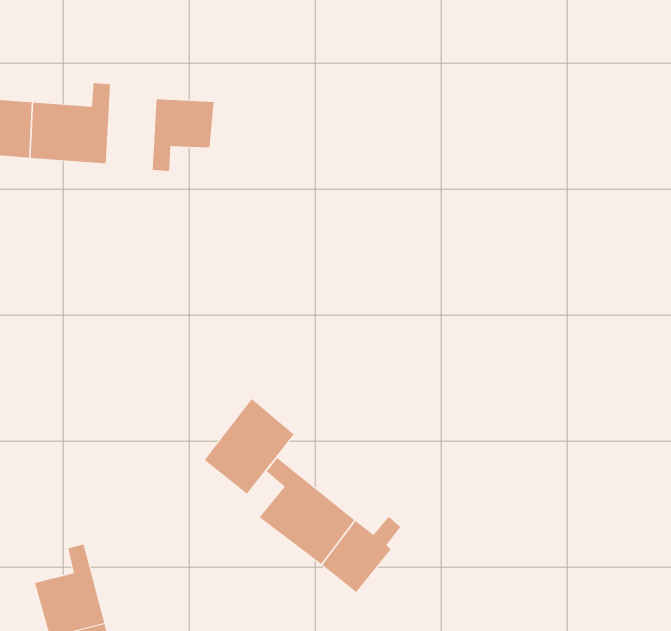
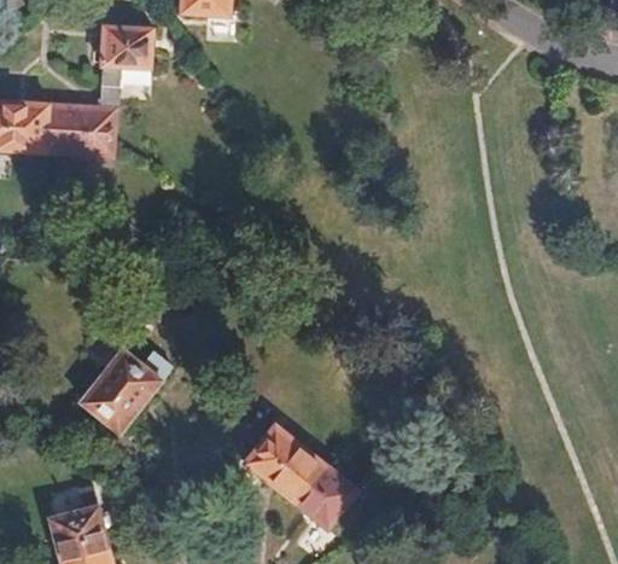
building: [152,99,215,172] -> [99,27,153,89]
building: [204,398,295,495] -> [80,350,158,434]

